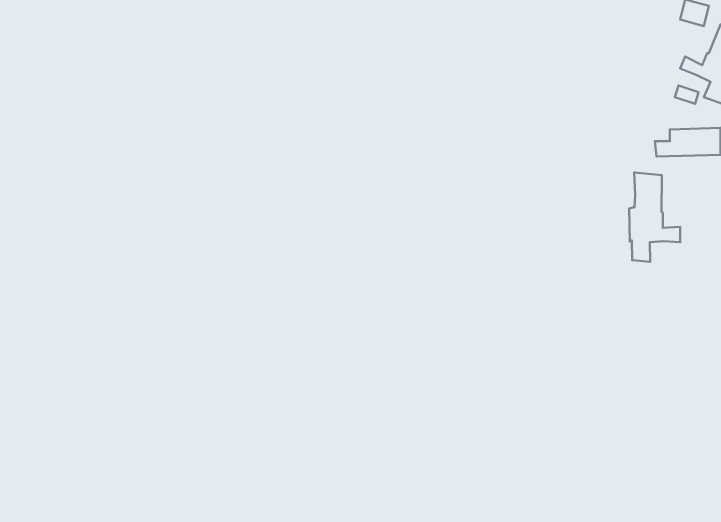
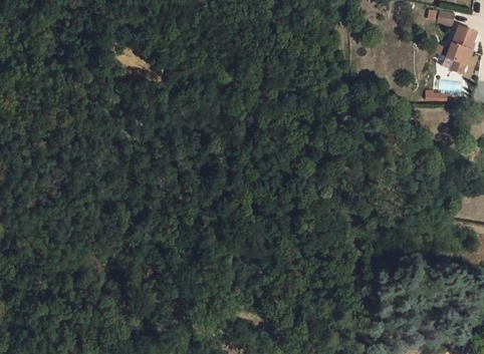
building: [629,172,680,262] -> none

